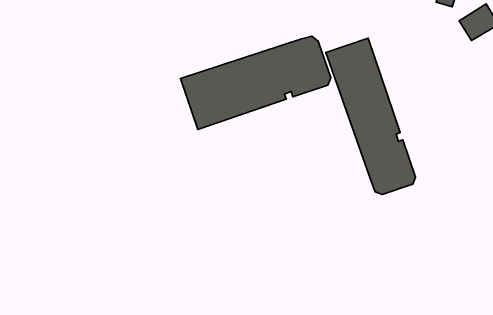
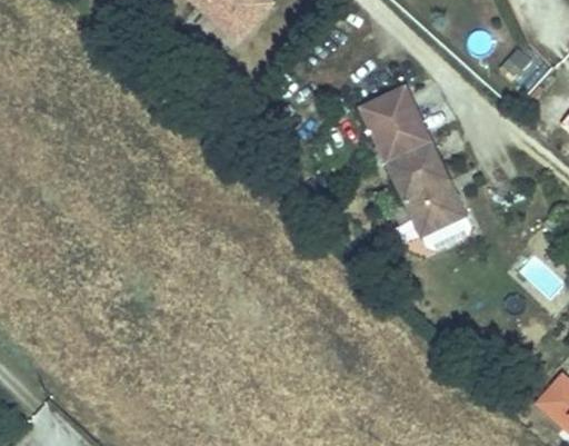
building: [180,36,331,130] -> none

